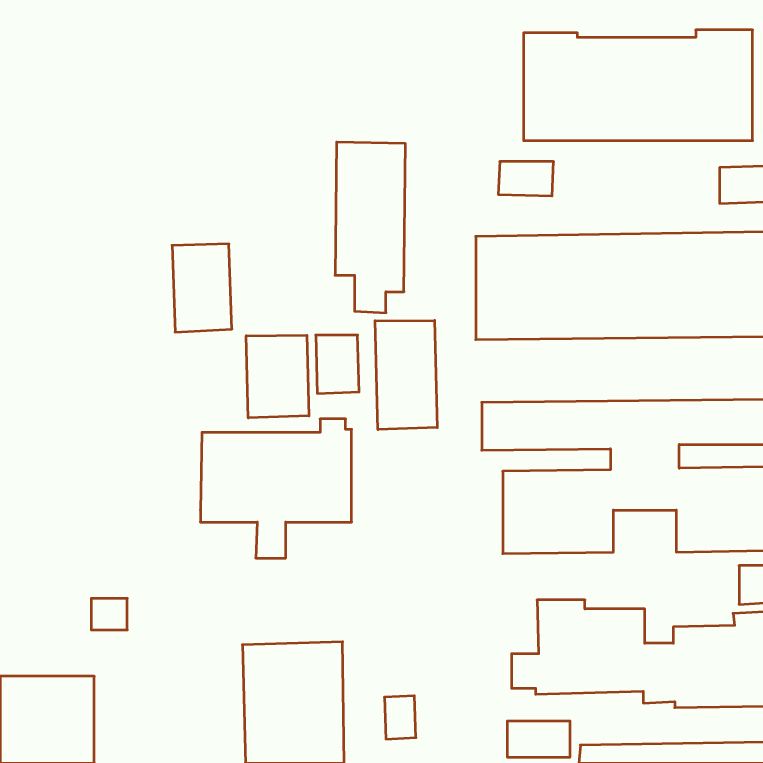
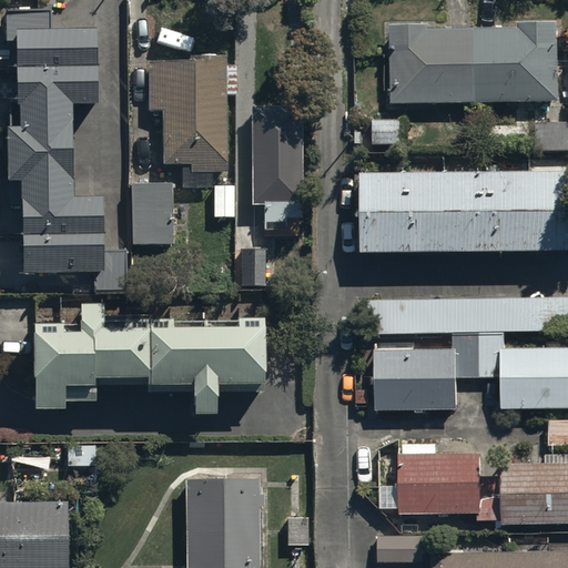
building: none -> [7,9,105,275]
building: none -> [144,60,237,186]
building: [375,320,437,430] -> none
building: [246,335,309,418] -> none
building: none -> [33,304,151,410]

